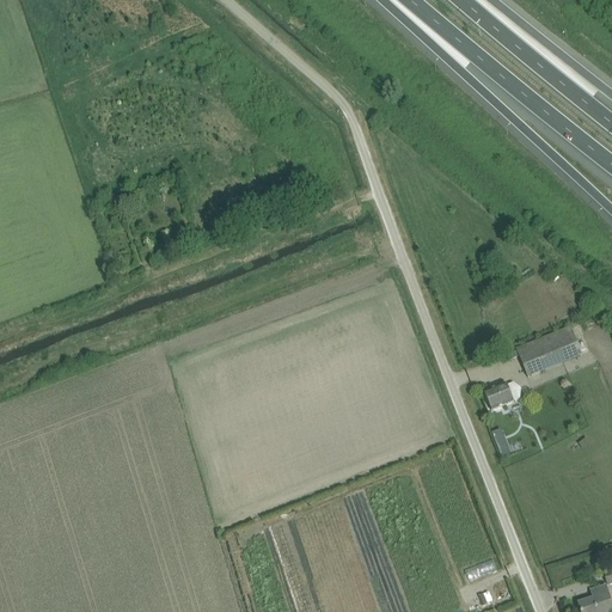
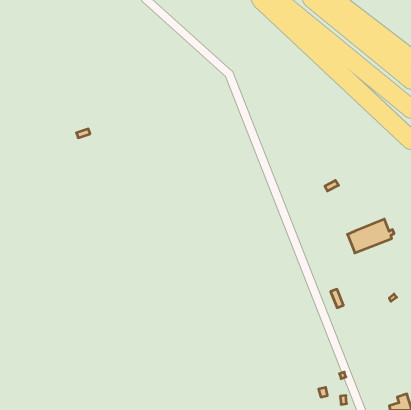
building: [484,382,520,410] -> none

